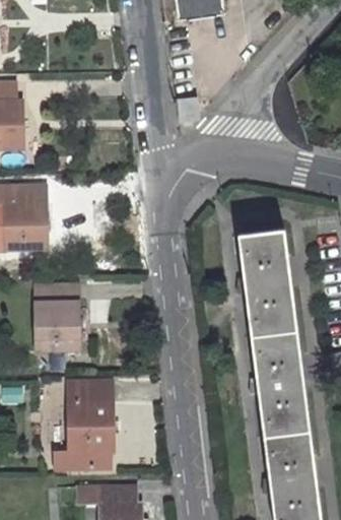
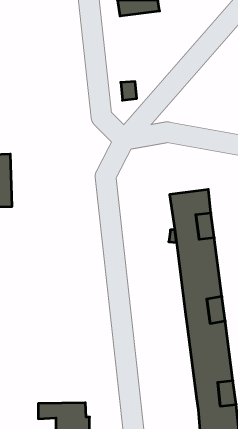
building: [38,286,76,351] -> none
building: [55,380,112,469] -> none

